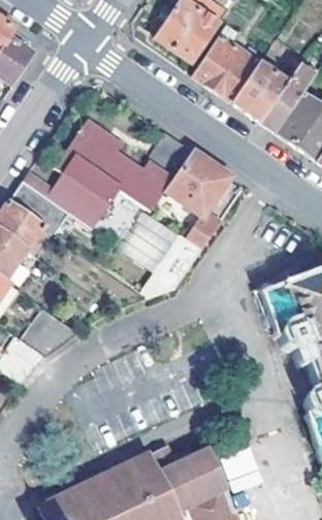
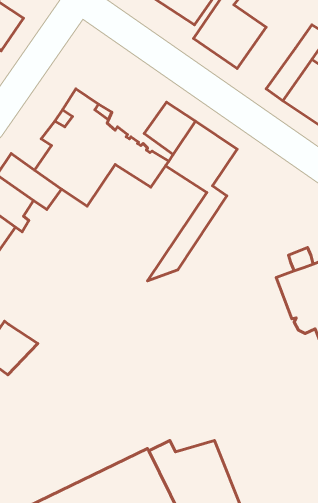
building: [232,63,286,120] -> none
building: [22,306,82,355] -> none

